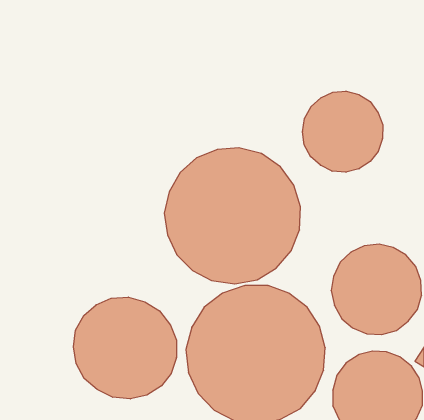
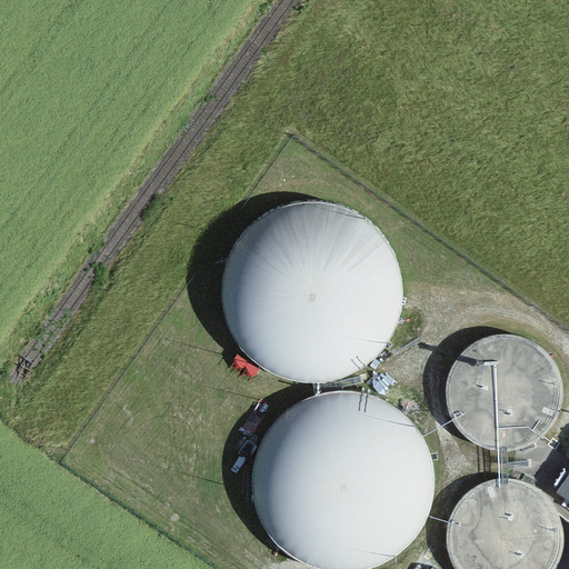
building: [303,91,383,172] -> none
building: [73,297,177,399] -> none

